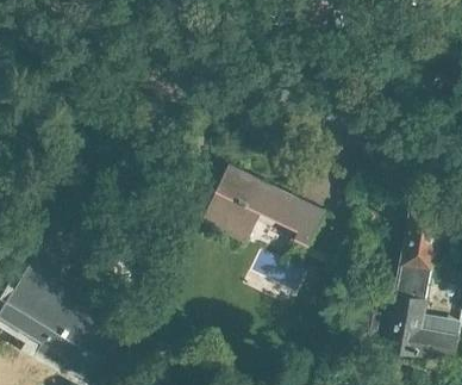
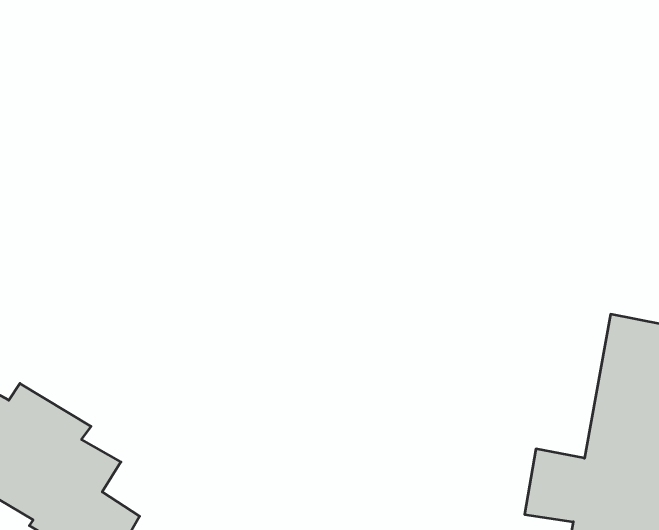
building: [201,166,325,247] -> none

